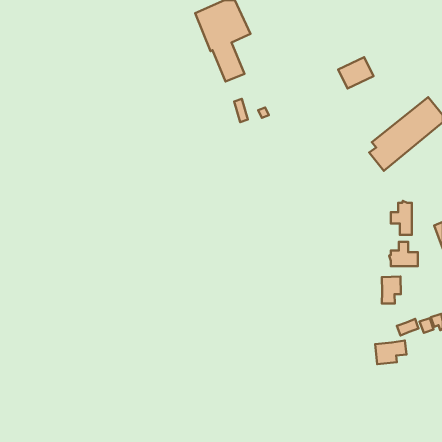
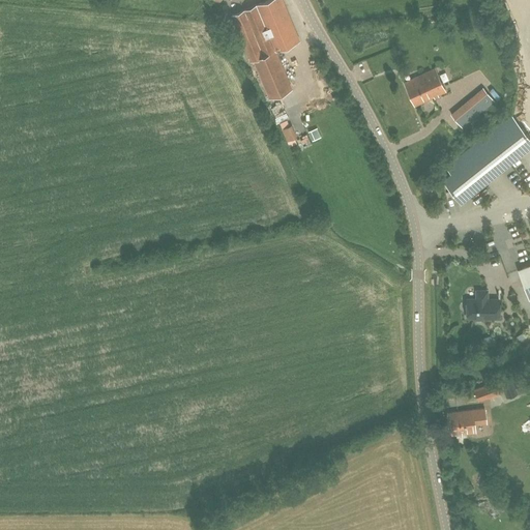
building: none -> [452,89,495,128]
building: [391,201,412,235] -> none
building: [382,277,401,304] -> none

